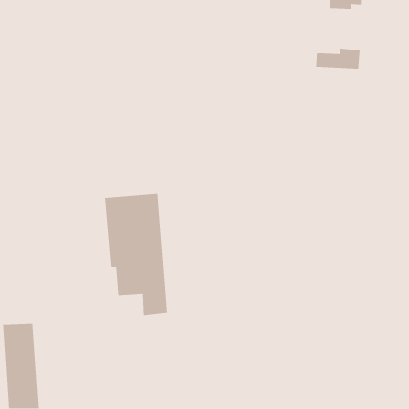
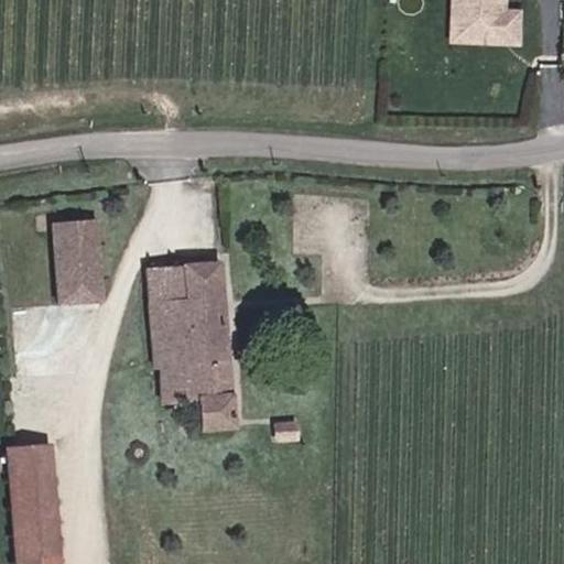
building: [316,48,361,70] -> [453,7,514,36]
building: none -> [53,223,106,304]

